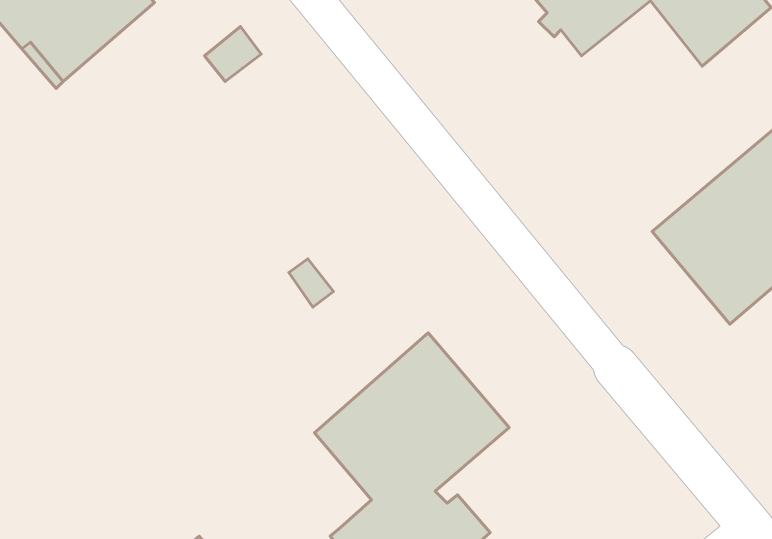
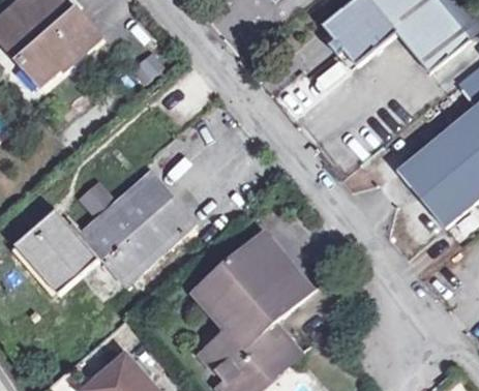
building: none -> [13,172,193,294]

